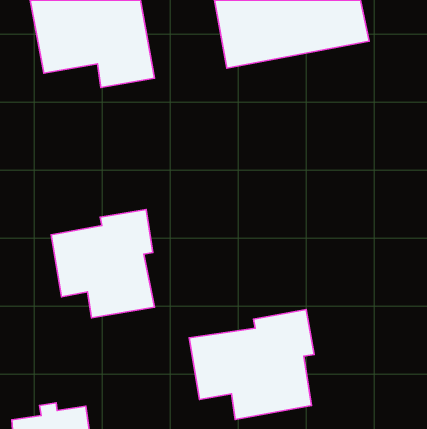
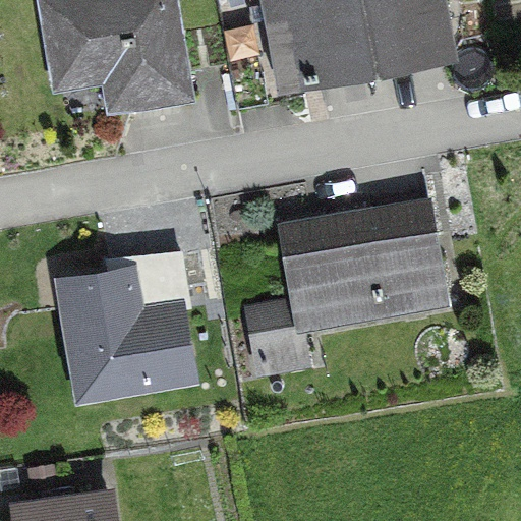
building: none -> [247,200,447,373]
building: [189,309,314,420] -> none

